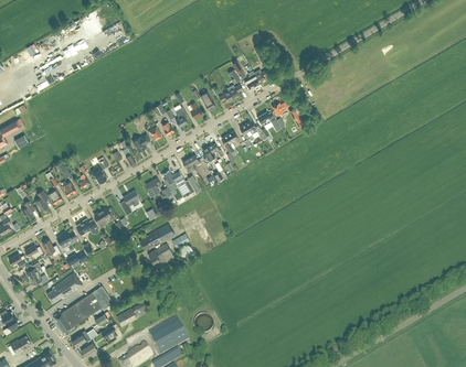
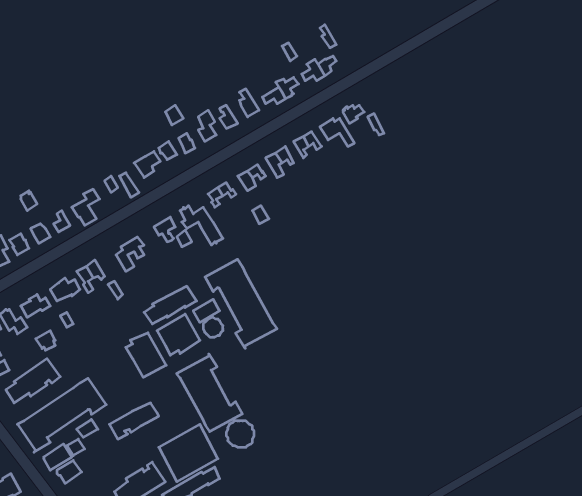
building: none -> [205,259,277,348]
building: none -> [126,333,166,377]
building: none -> [177,354,242,432]

